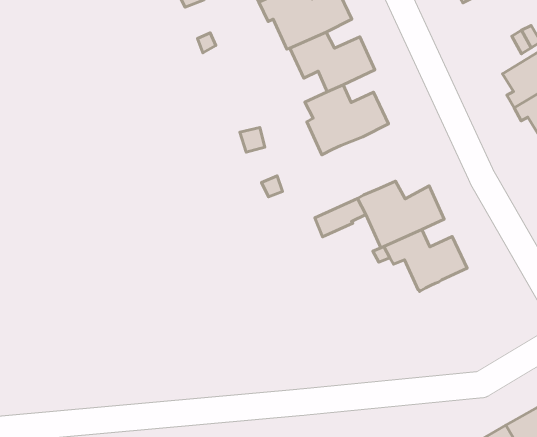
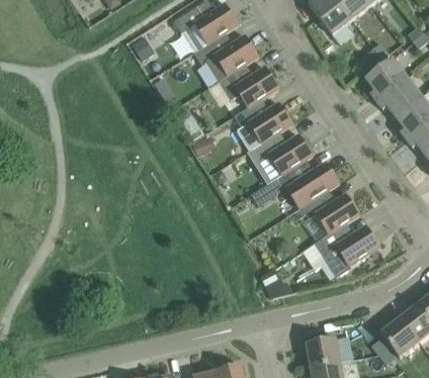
building: none -> [253,133,313,173]
building: none -> [319,223,379,276]

